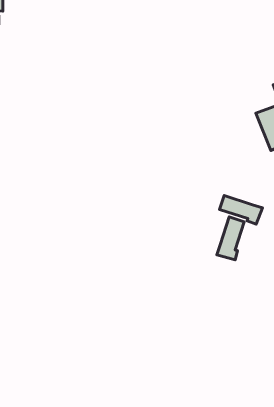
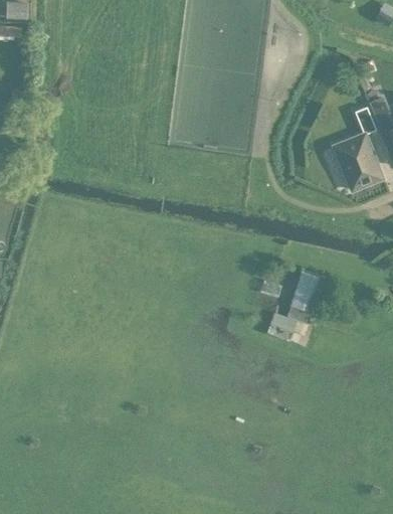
building: [220,195,262,224] -> none

